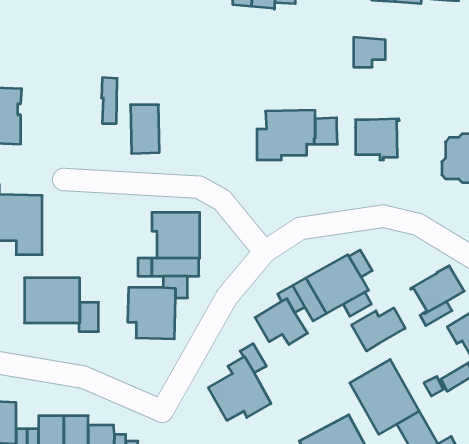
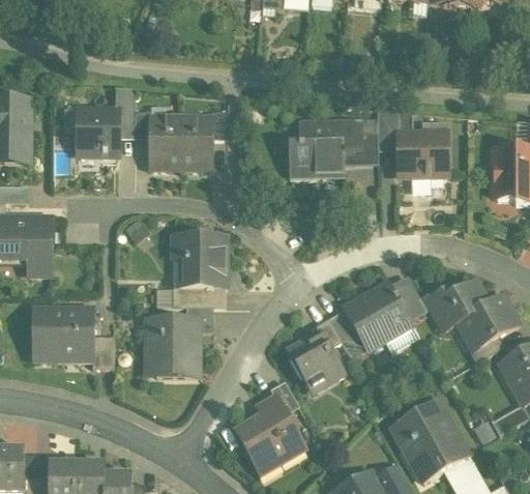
building: [354,37,385,67] -> [377,108,412,141]
building: none -> [78,109,119,152]
building: none -> [180,116,212,169]
building: [352,308,405,351] -> [429,280,488,327]

